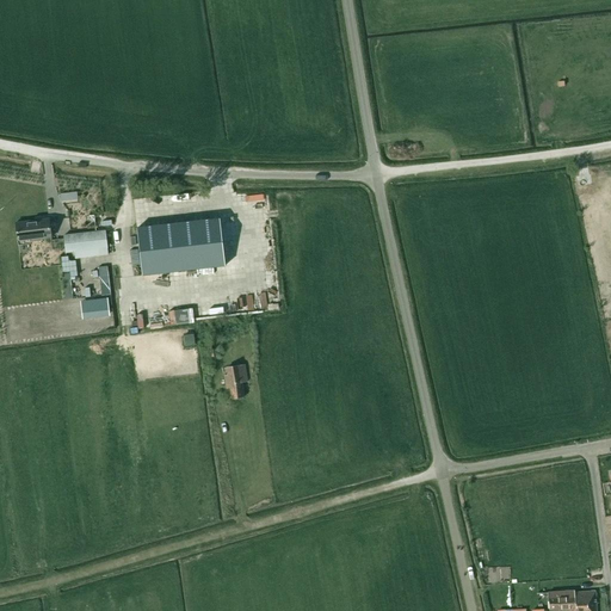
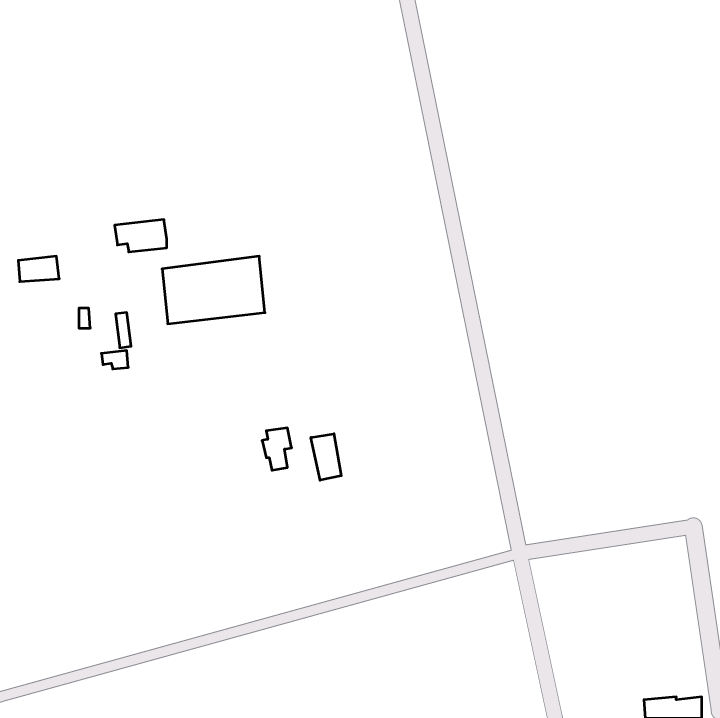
building: [62,230,106,258] -> [115,220,167,252]
building: none -> [311,434,341,480]

